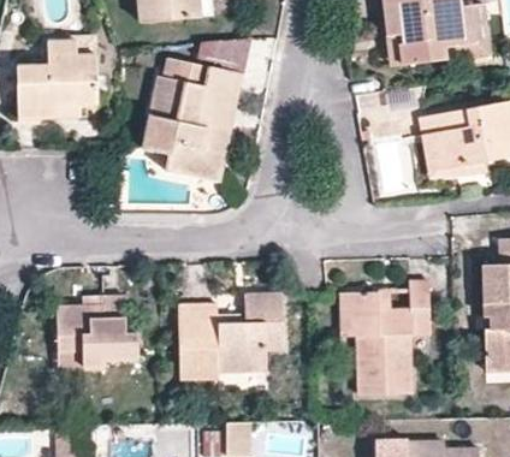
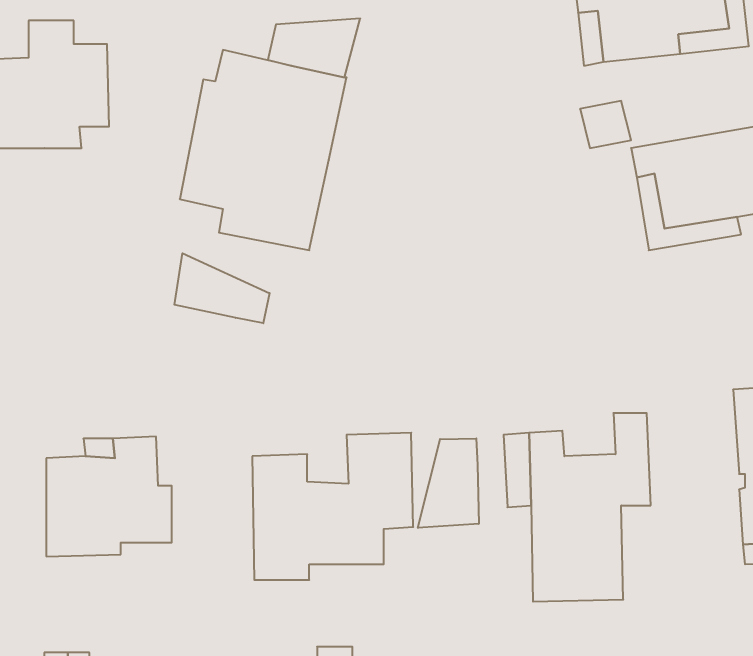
building: none -> [174,253,270,323]
building: none -> [418,438,479,528]

